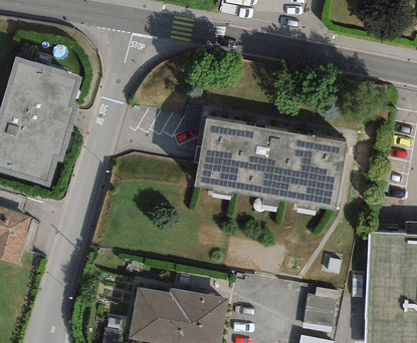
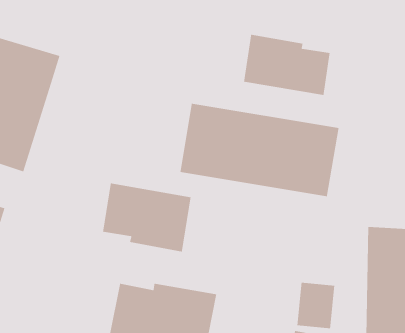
building: none -> [243,34,331,96]
building: none -> [102,182,192,253]

